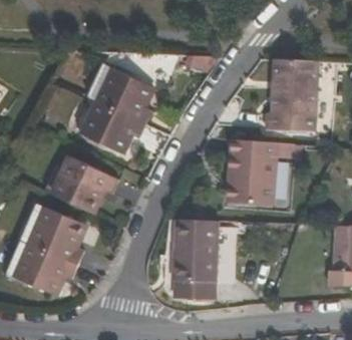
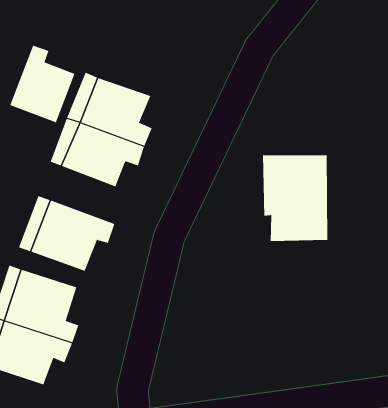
building: none -> [10,45,75,123]
building: [266,61,319,132] -> none
building: [173,221,219,283] -> none

